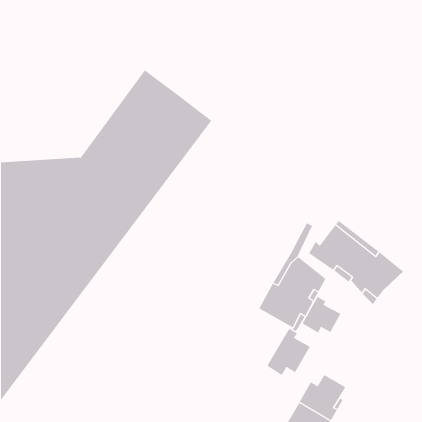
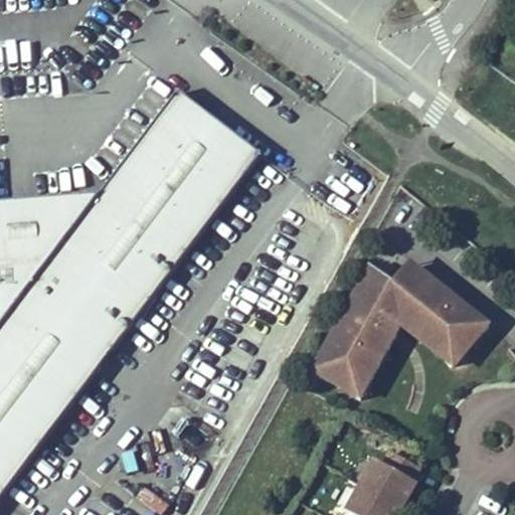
building: [302,296,341,333] -> none
building: [267,328,311,376] -> none

